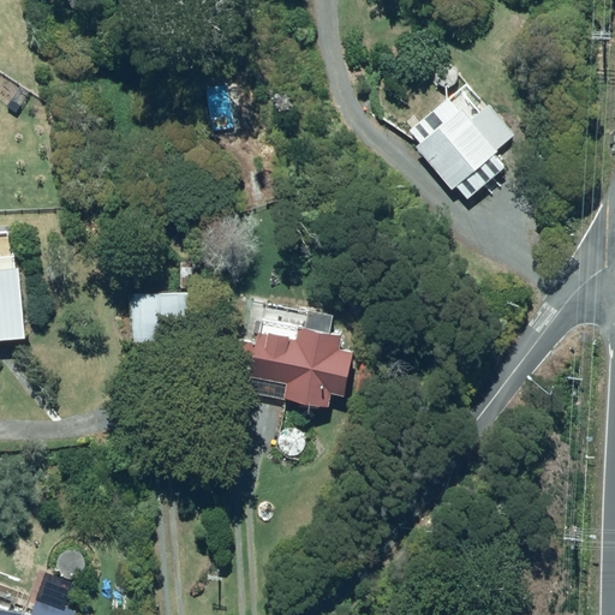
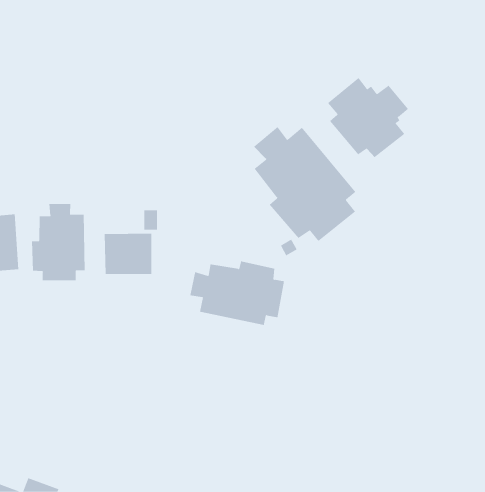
building: none -> [253,126,356,242]
building: none -> [32,203,85,281]

